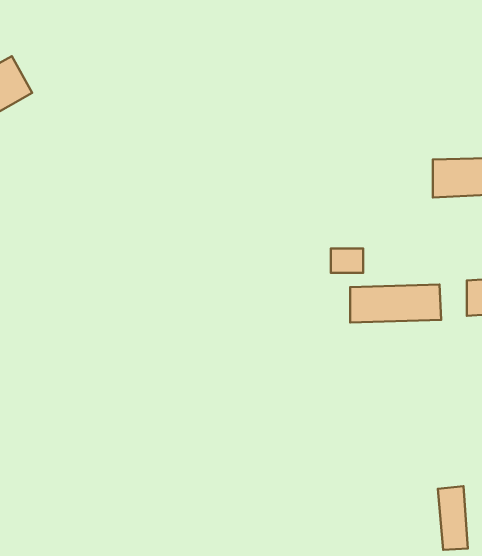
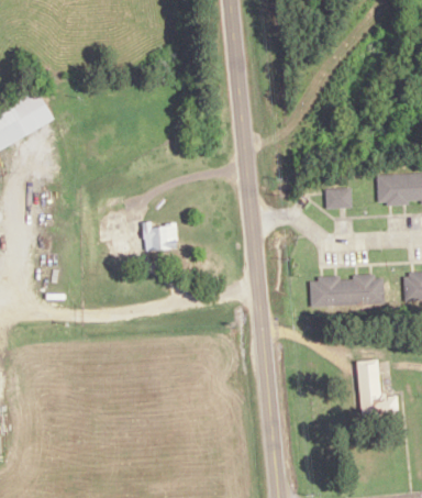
building: none -> [144,224,177,251]
building: [331,248,363,273] -> [325,188,352,208]
building: [438,486,468,550] -> [357,359,381,411]

